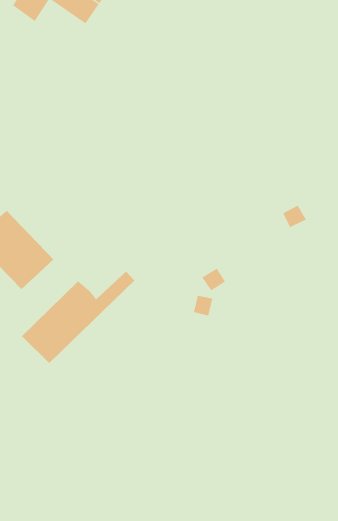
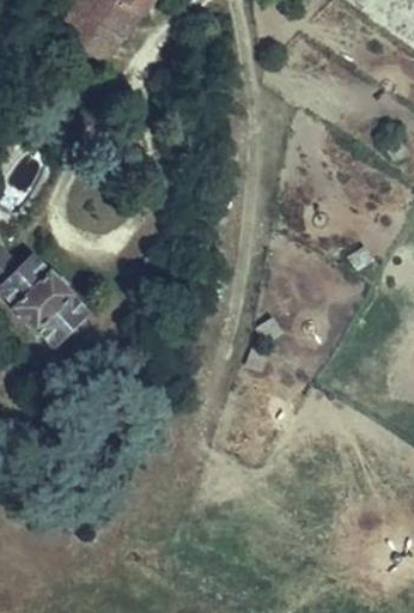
building: [21,271,135,364] -> none

